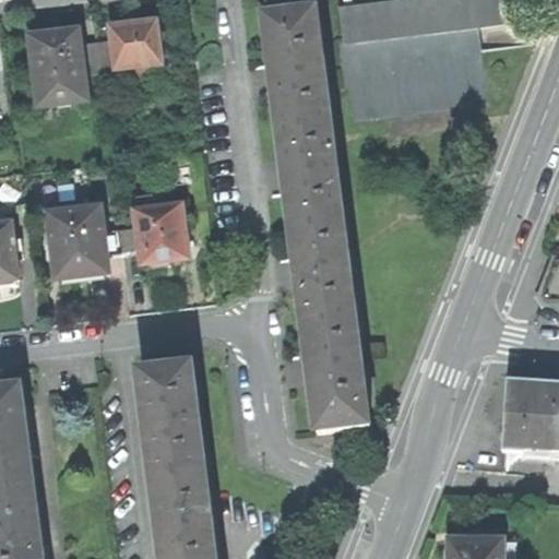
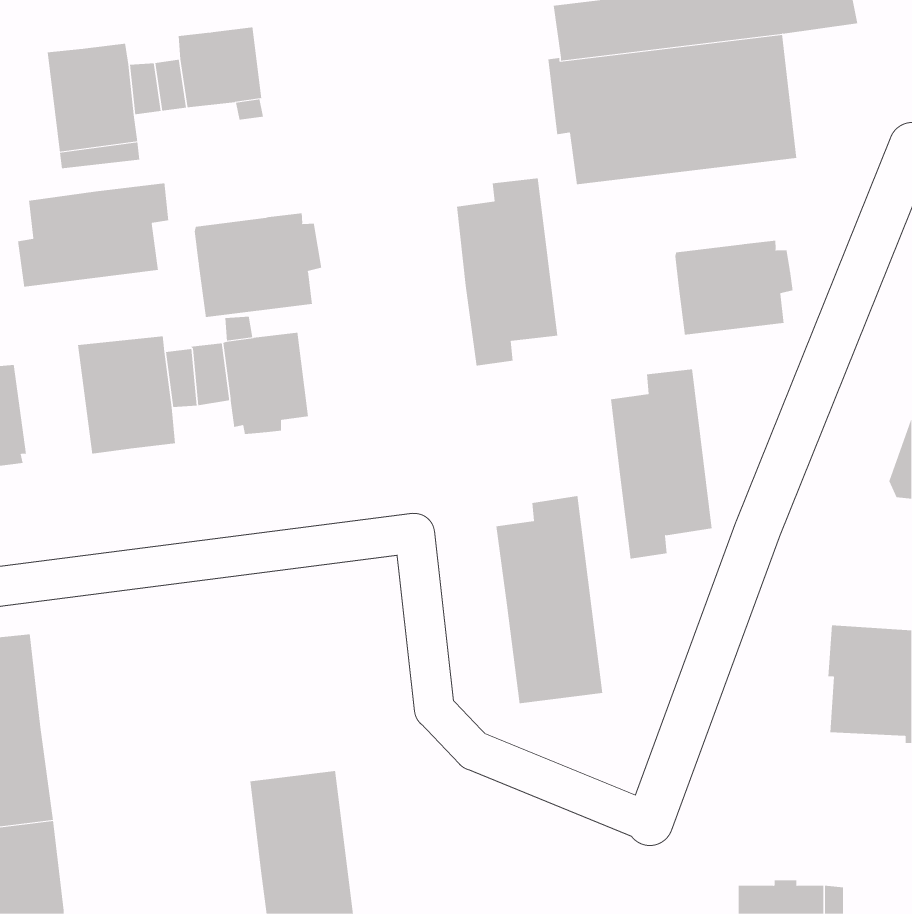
building: [263,7,328,126] -> none
building: none -> [18,183,169,288]
building: none -> [194,212,322,318]
building: none -> [675,240,793,335]
building: [289,204,352,320] -> [610,369,712,559]
building: [139,362,204,475] -> none

